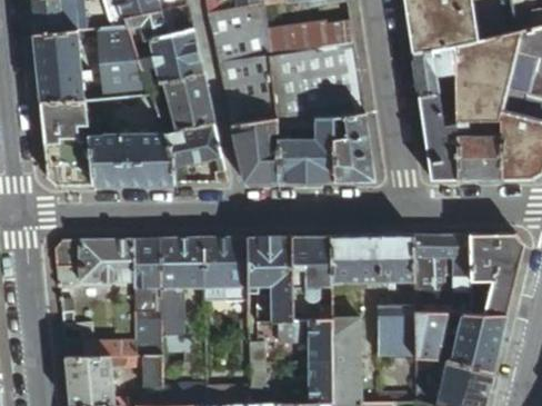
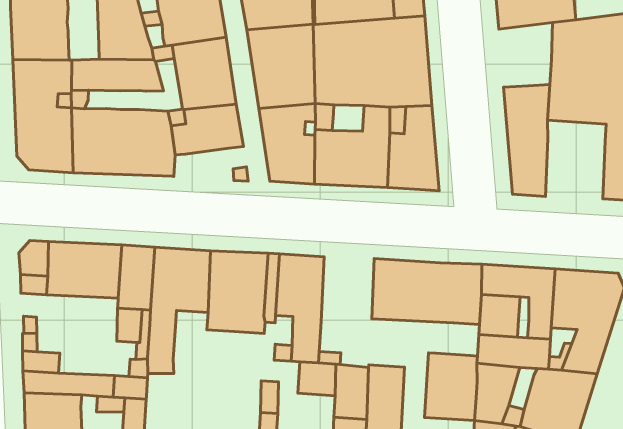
building: [414,46,456,98] -> none
building: [458,135,503,180] -> none
building: [291,237,331,299] -> none

